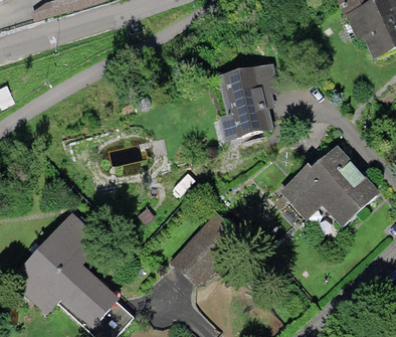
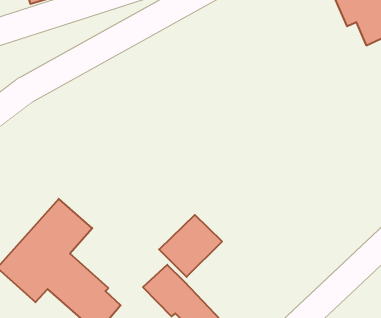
building: [215,60,278,141] -> none
building: [277,144,378,226] -> none

